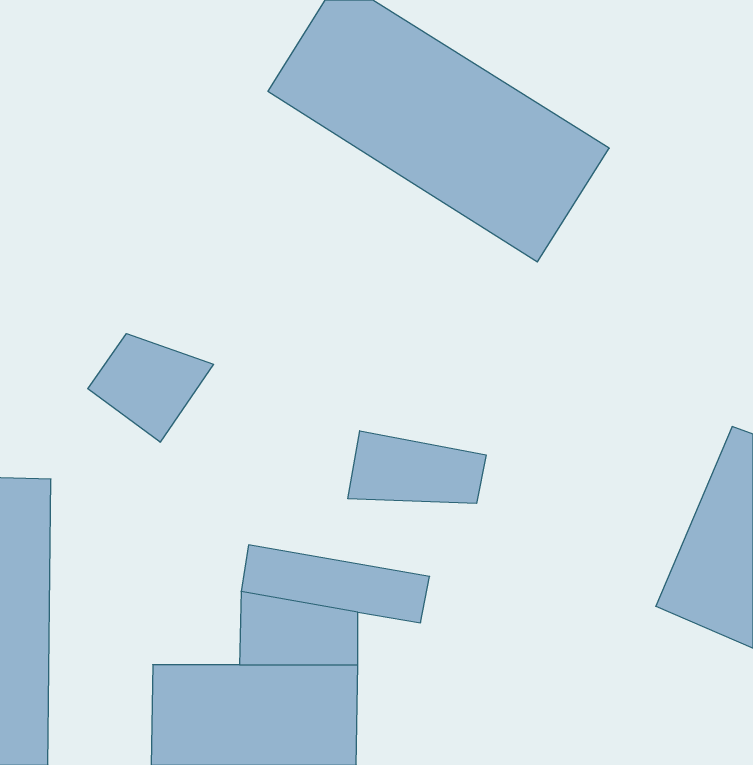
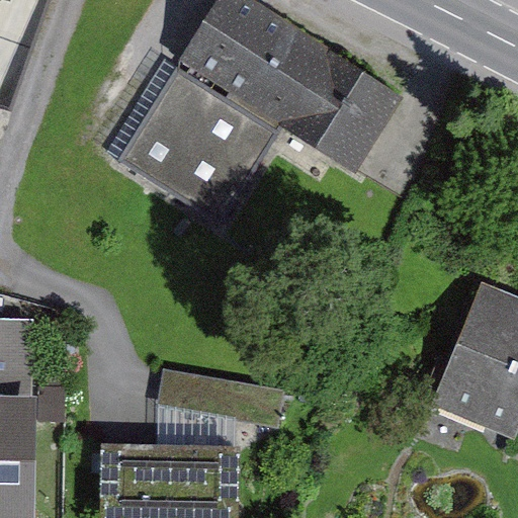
building: none -> [92,68,271,236]
building: [88,334,214,442] -> none
building: [348,431,486,503] -> none

